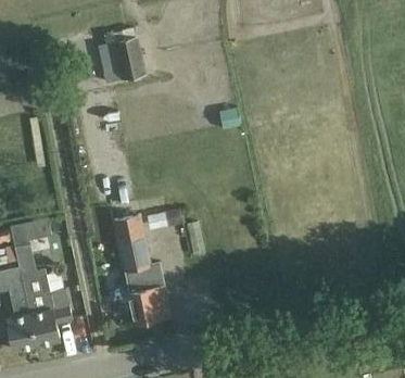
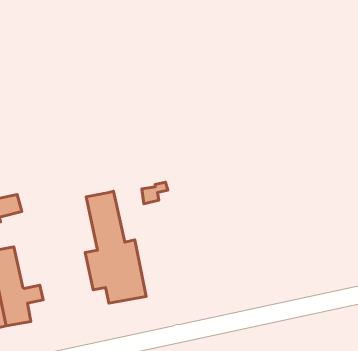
building: [97,36,145,84] -> none

